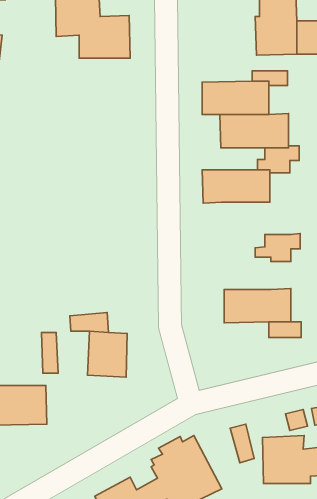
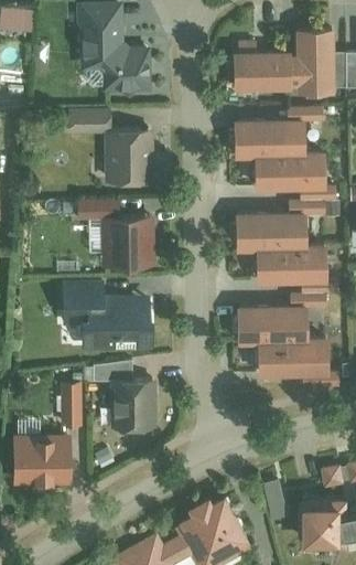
building: none -> [234,43,291,90]
building: none -> [63,111,152,184]
building: none -> [72,199,152,268]
building: none -> [255,246,327,281]
building: none -> [62,281,151,349]
building: none -> [236,305,306,339]

